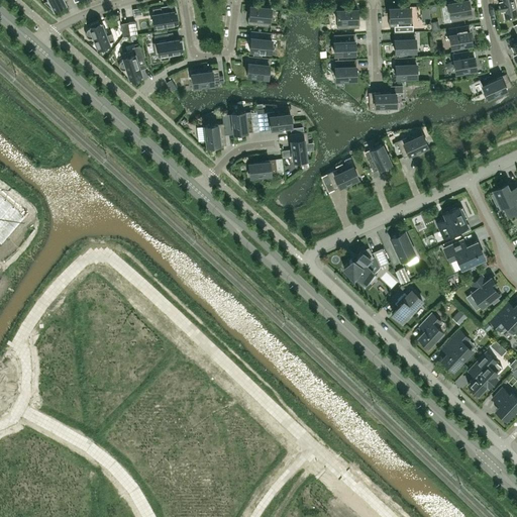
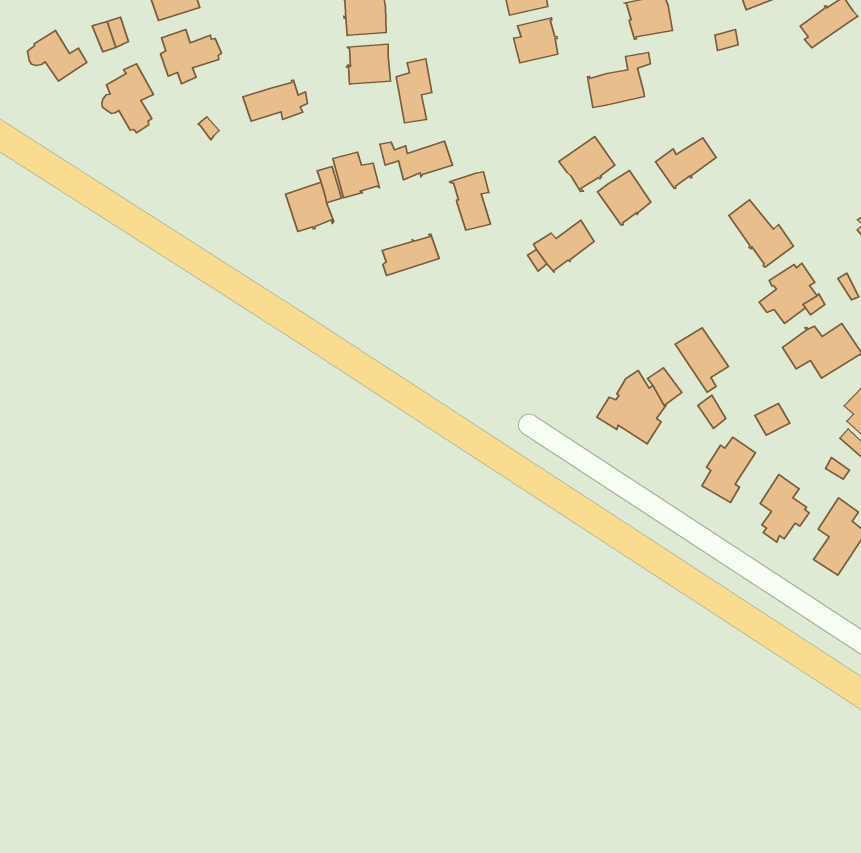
building: none -> [396,59,432,123]
building: none -> [559,137,615,191]
building: none -> [729,200,794,267]

